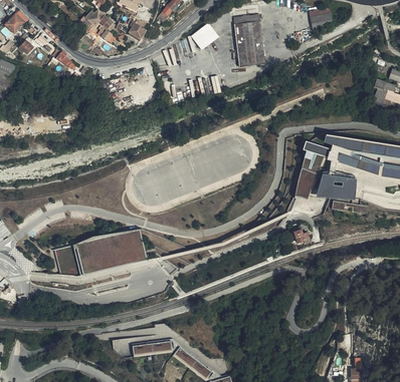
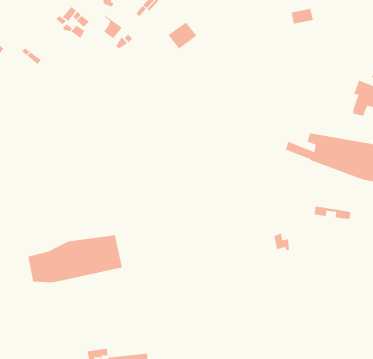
building: [233,15,264,67] -> none
building: [294,147,325,199] -> none
building: [318,171,357,199] -> none

